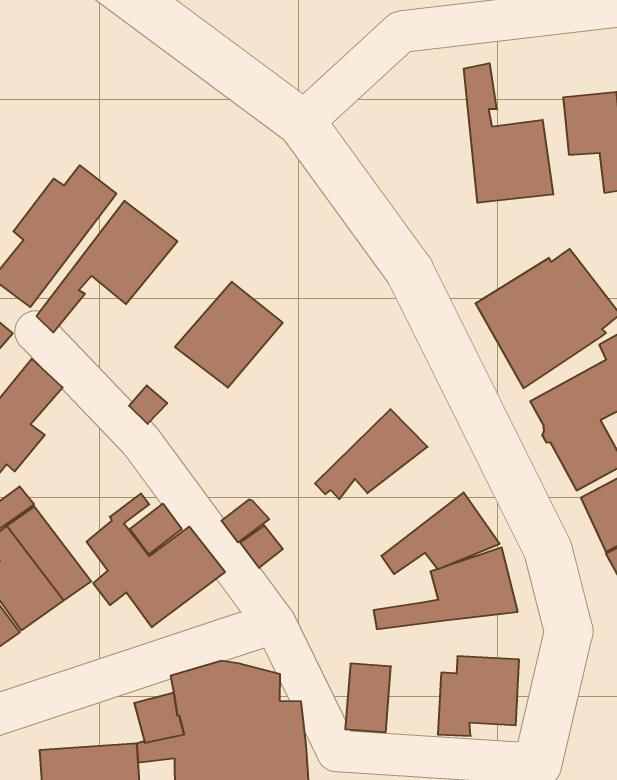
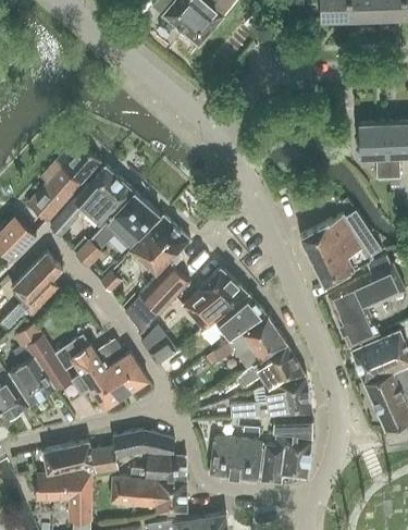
building: [464,63,553,203] -> none
building: none -> [76,192,160,267]
building: none -> [182,268,248,330]
building: none -> [125,264,189,334]
building: none -> [205,317,286,369]
building: none -> [260,415,312,439]
building: none -> [233,440,262,480]
building: none -> [42,441,94,472]

